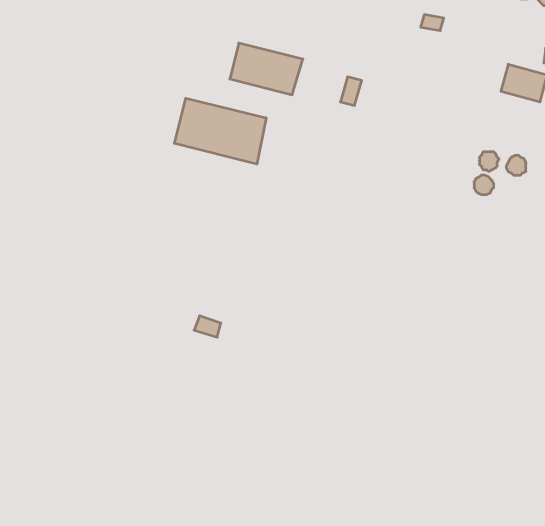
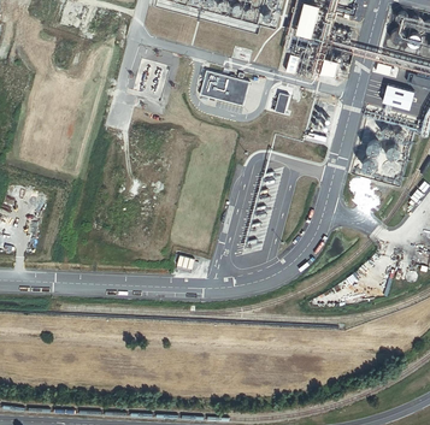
building: [174,98,266,164] -> none

